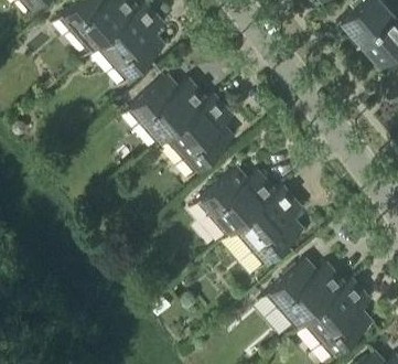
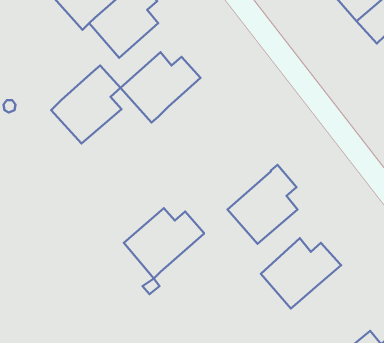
building: [165,95,235,172] -> [51,66,121,144]
building: [197,168,277,237] -> [124,208,204,278]
building: [303,278,373,356] -> none

